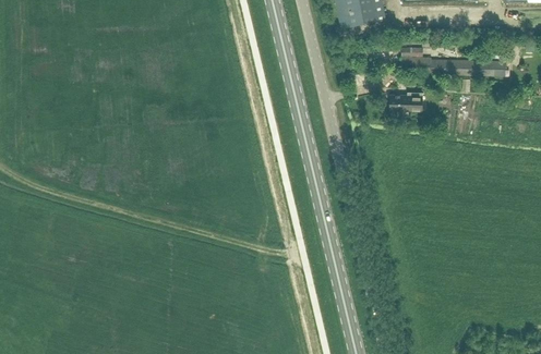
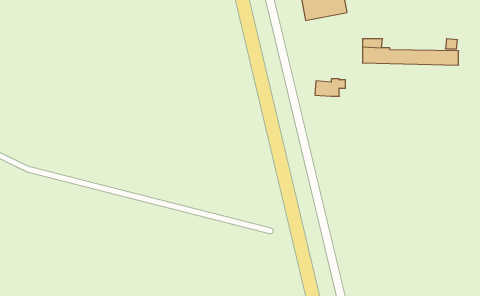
building: [388,93,421,111] -> [315,79,345,96]

